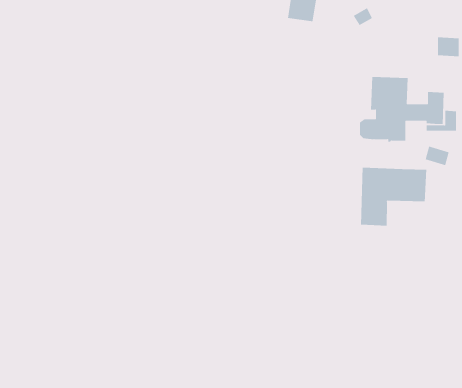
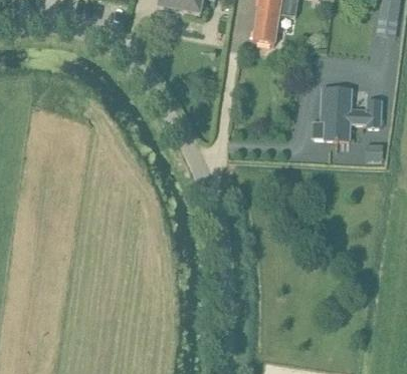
building: [360,167,427,227] -> none

